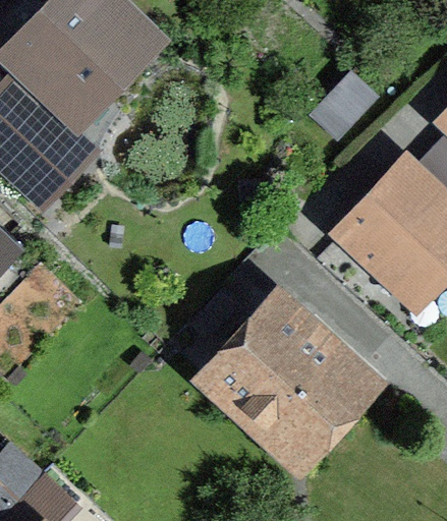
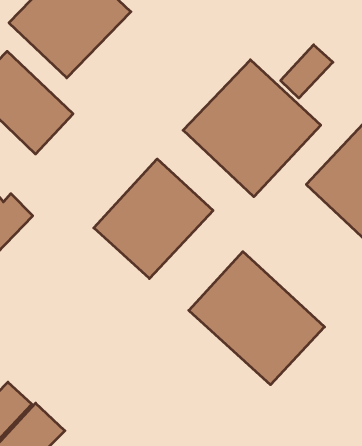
building: none -> [183,60,321,197]
building: none -> [94,159,213,279]

